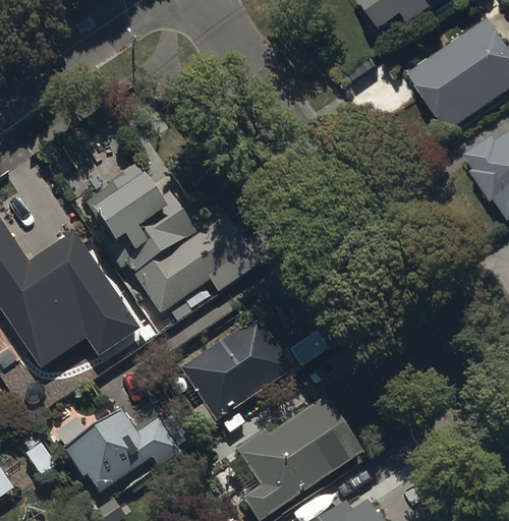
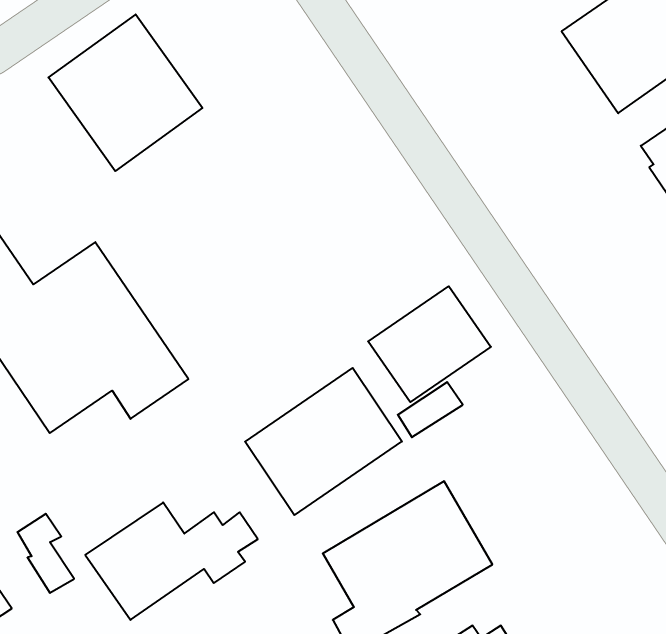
building: none -> [48,14,202,171]
building: [87,165,257,311] -> none
building: none -> [368,286,491,402]

